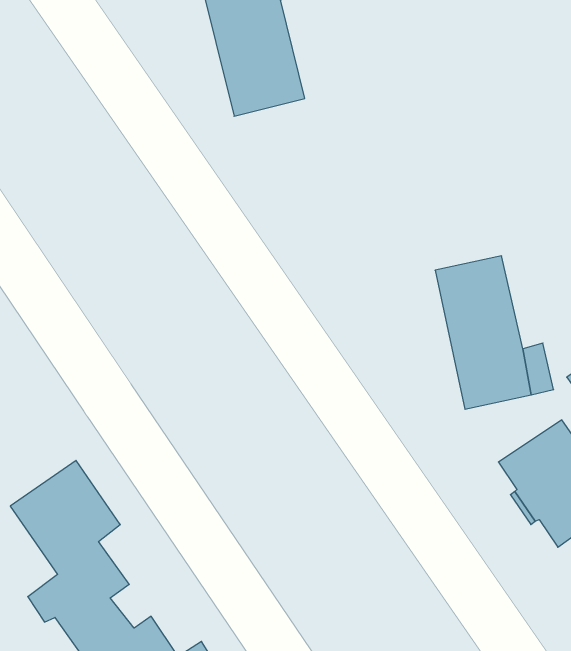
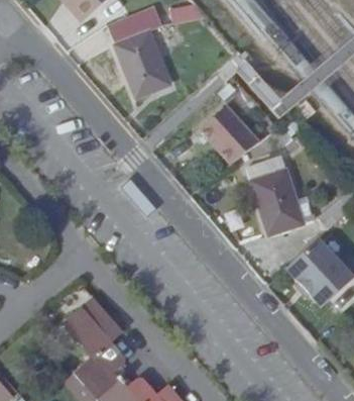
building: none -> [205,99,260,157]

